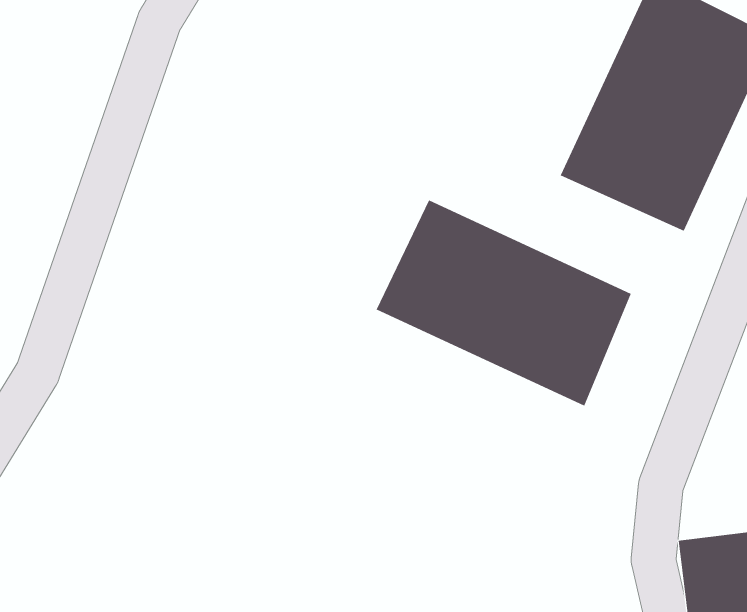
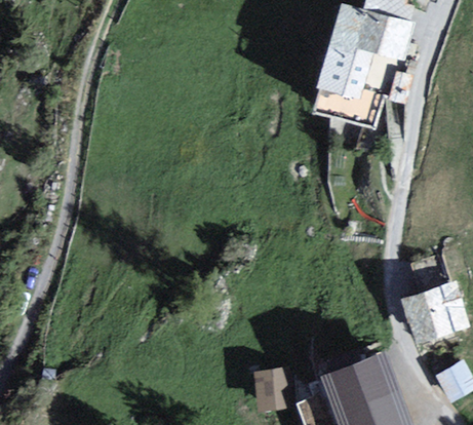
building: [376,199,631,406] -> none

